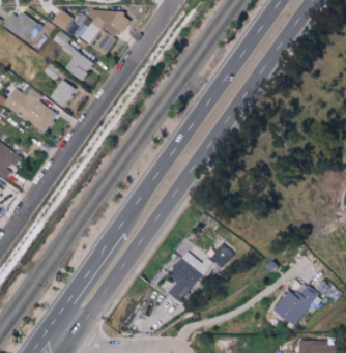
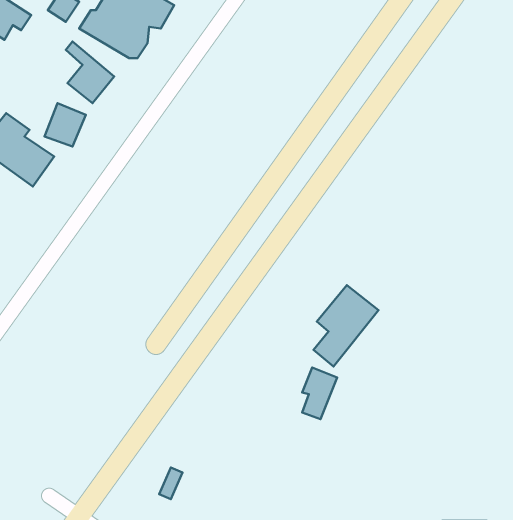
building: [167,252,207,302] -> [314,285,378,367]
building: [273,284,317,326] -> none

